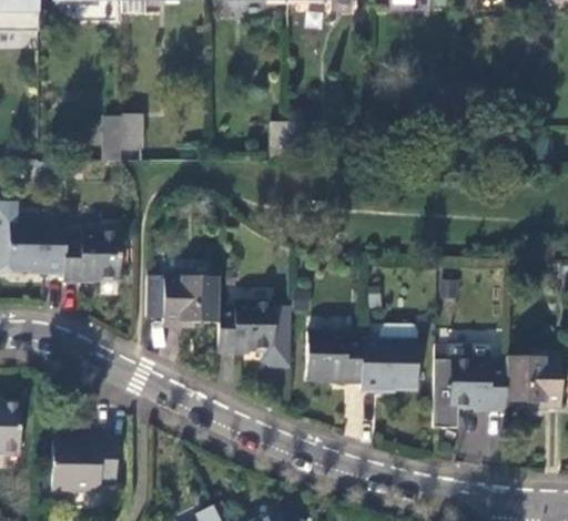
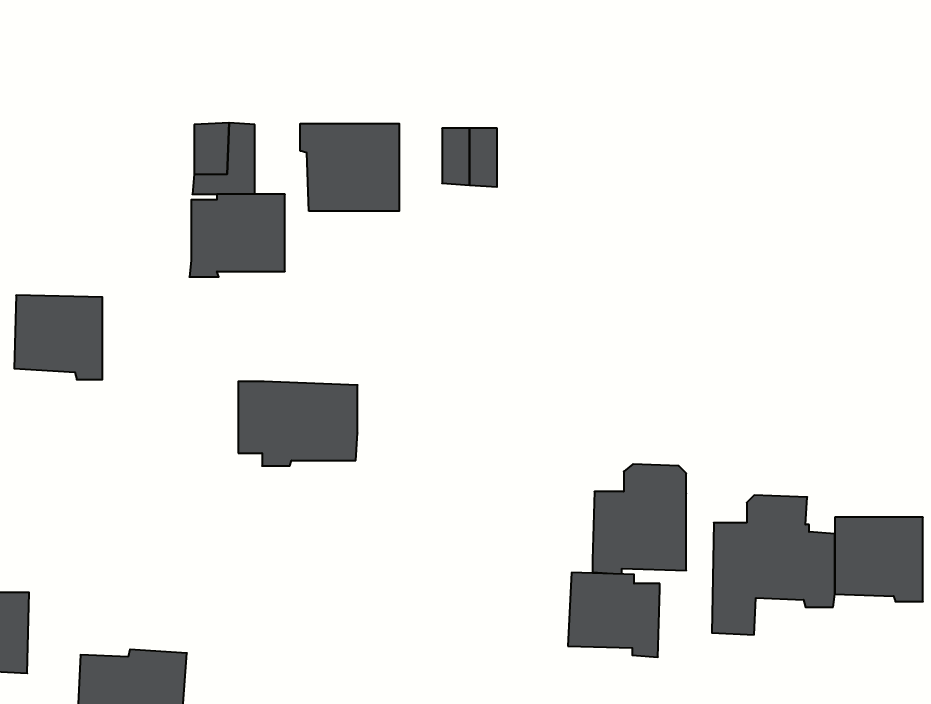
building: none -> [300,124,399,211]
building: [62,235,120,285] -> [189,194,285,277]
building: [216,304,290,367] -> none
building: [305,333,361,384] -> [568,573,660,657]

